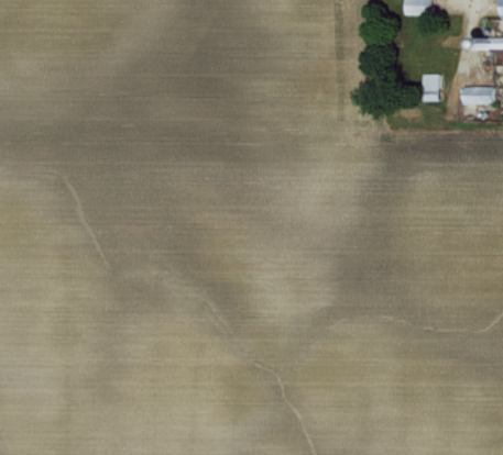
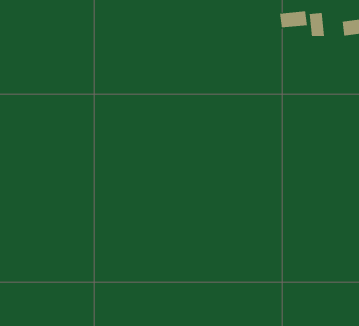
building: none -> [279,10,307,28]

